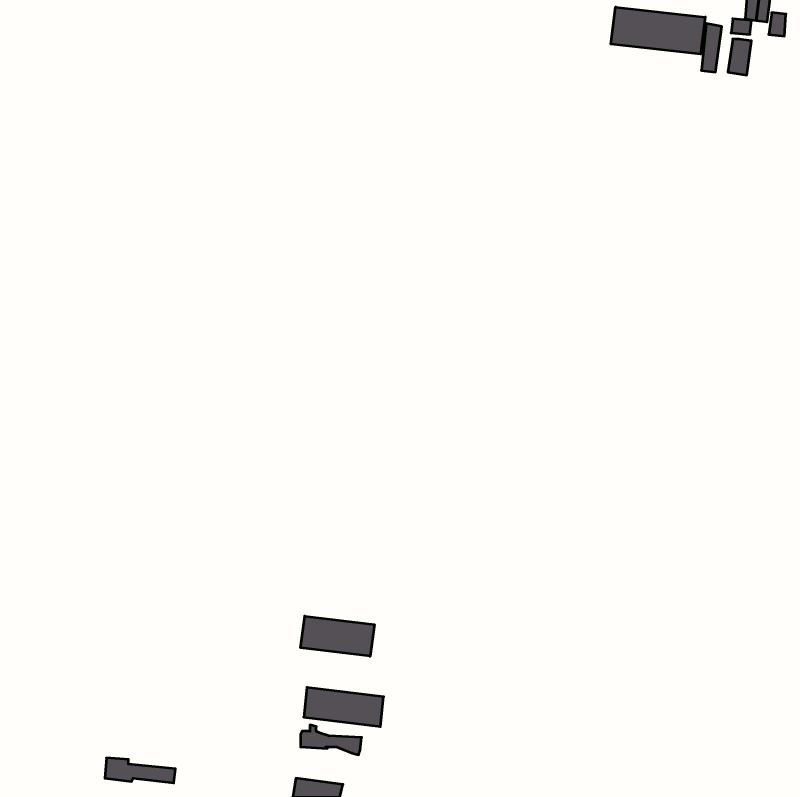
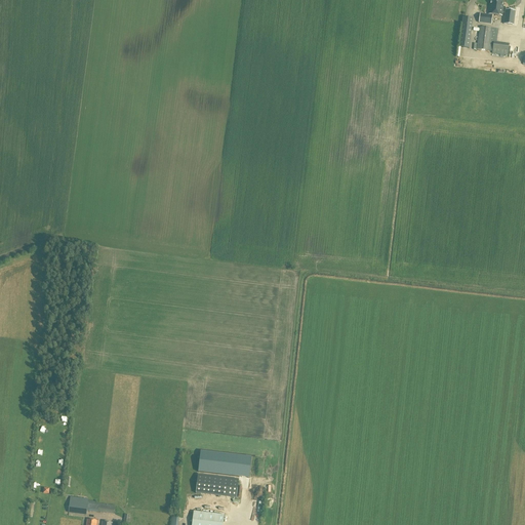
building: [611,7,705,54] -> none
building: [301,616,374,656] -> none

